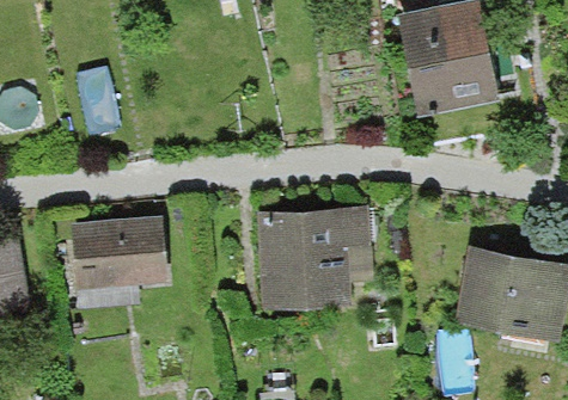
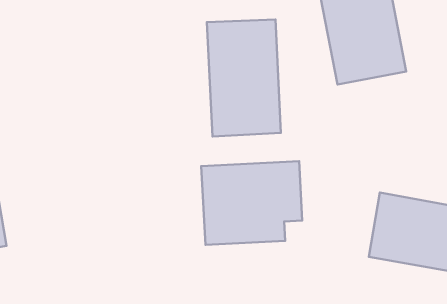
building: none -> [207,20,281,137]
building: [69,214,167,304] -> none

